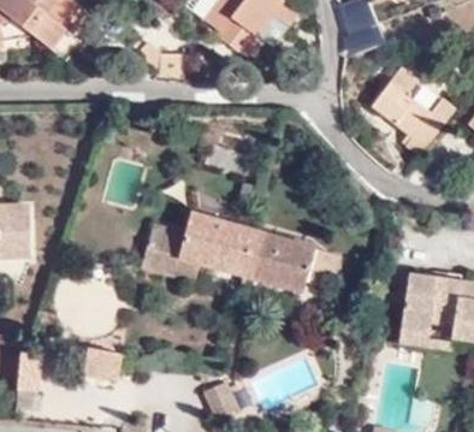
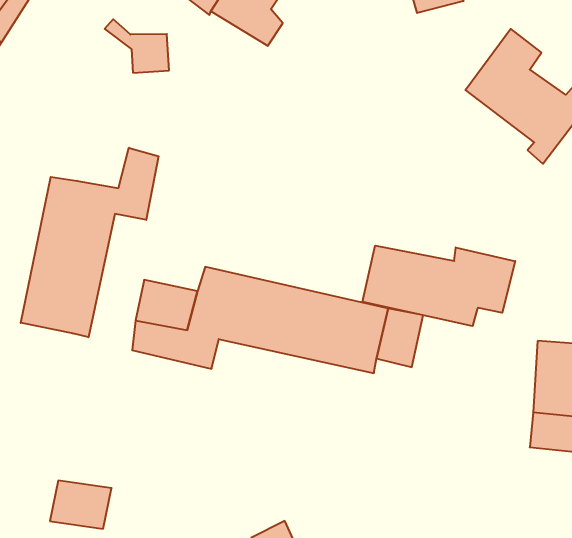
building: none -> [21,148,159,337]
building: none -> [362,246,515,326]

